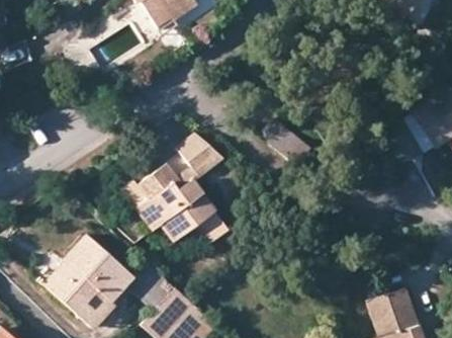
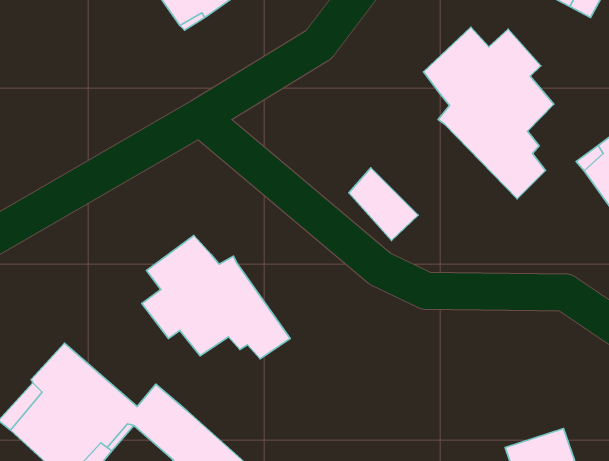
building: none -> [423,27,554,199]
building: [177,133,223,182] -> none

